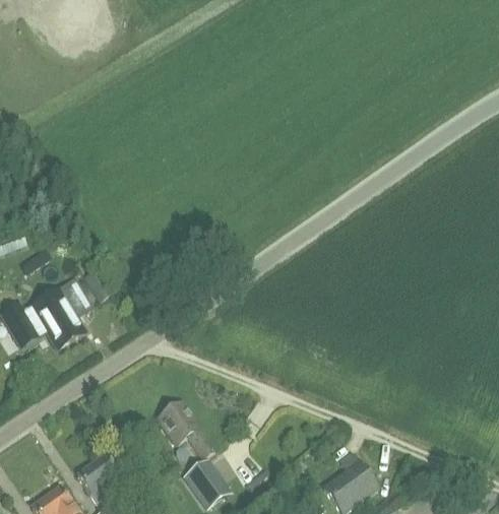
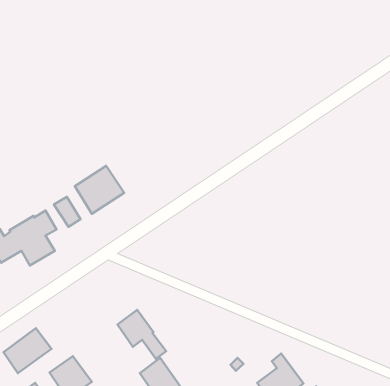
building: none -> [75,166,124,214]
building: none -> [3,328,51,373]

